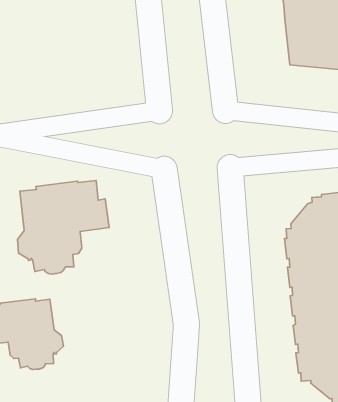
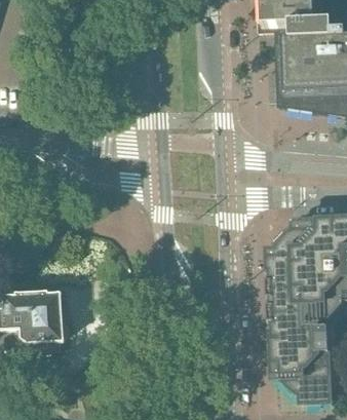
building: [17,181,109,274] -> none

